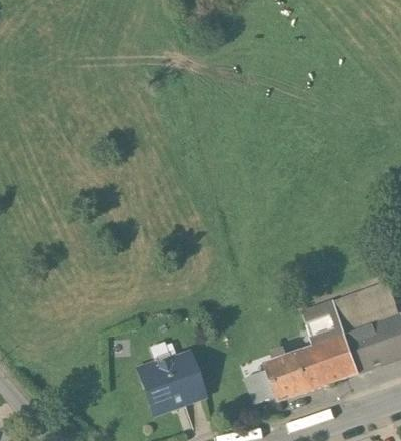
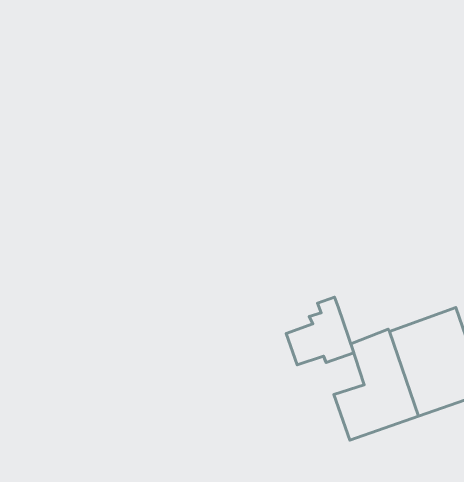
building: [137,343,201,412] -> none
building: [244,347,300,403] -> [286,297,354,365]

